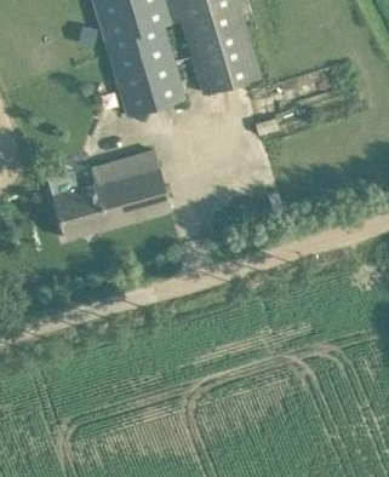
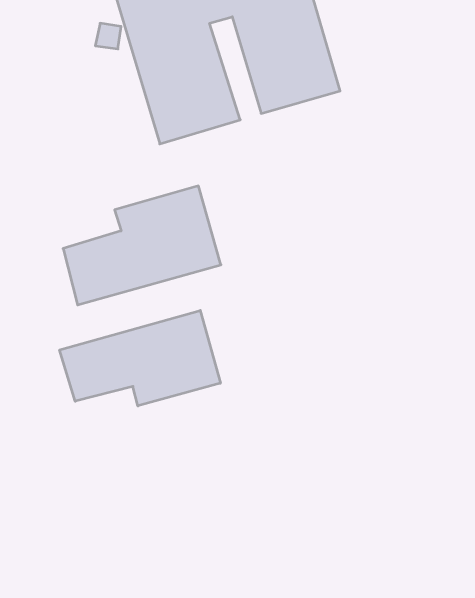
building: none -> [60,310,220,406]

